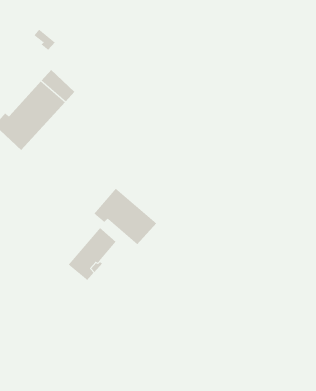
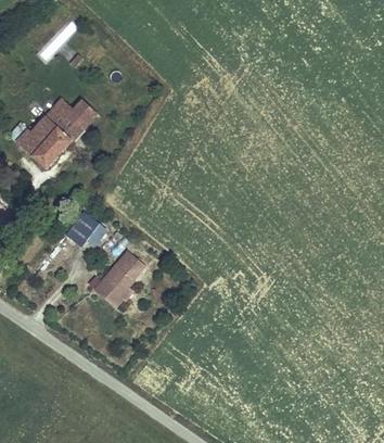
building: [94,188,157,245] -> none
building: none -> [65,210,105,249]

